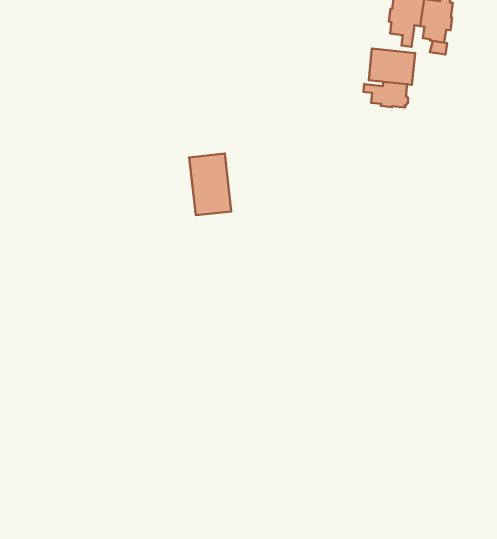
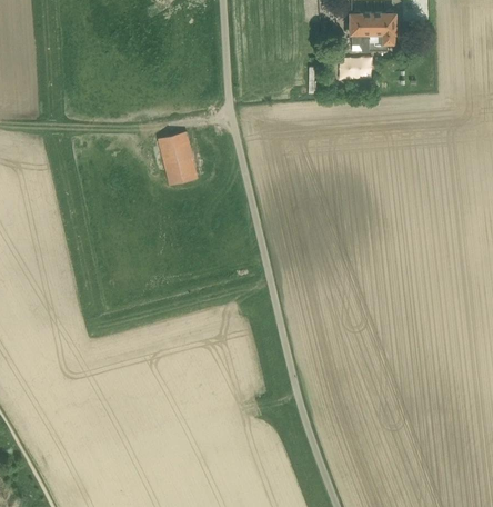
building: [363,82,408,107] -> none
building: [189,154,231,215] -> [159,133,197,183]

